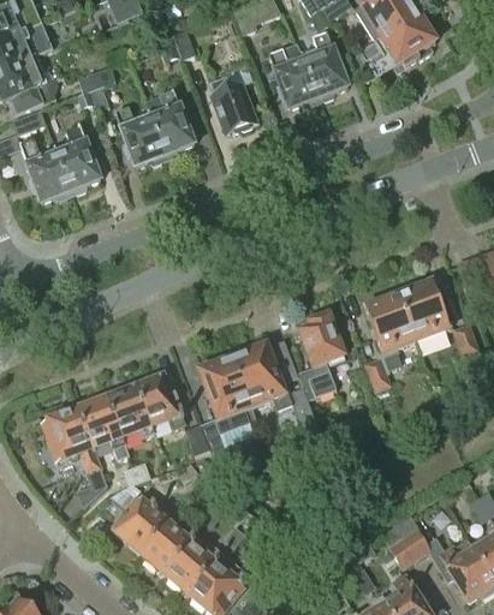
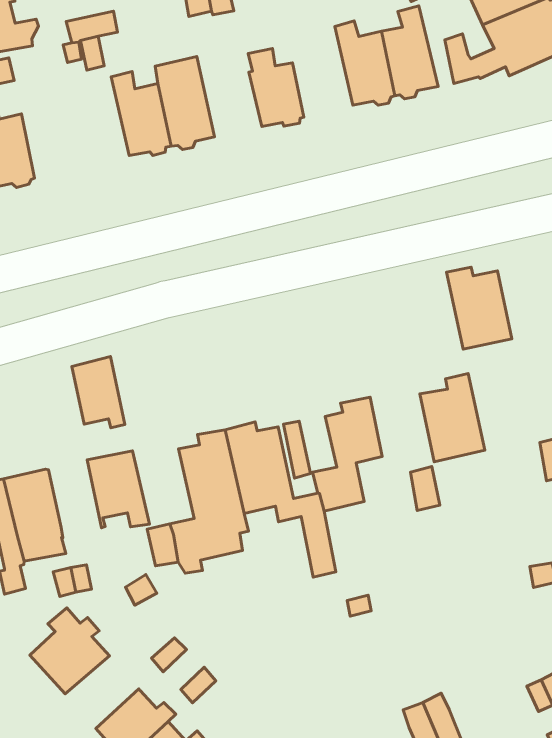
building: [55,125,101,192] -> none
building: [398,281,451,340] -> [447,267,512,349]
building: [109,386,153,436] -> [72,357,125,428]
building: [143,520,200,575] -> none

